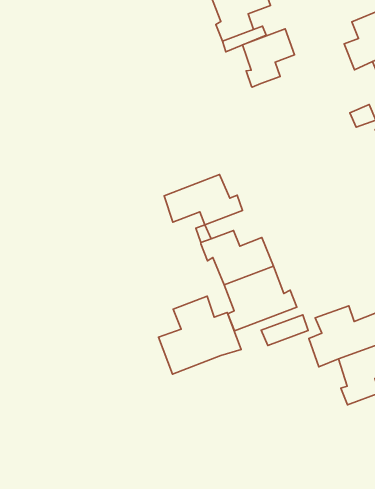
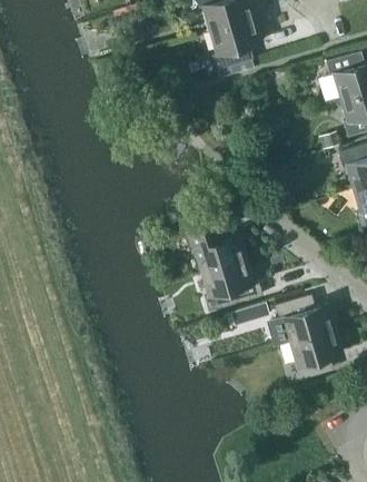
building: [243,29,294,87] -> none
building: [164,174,242,225] -> none
building: [159,296,241,374] -> none

